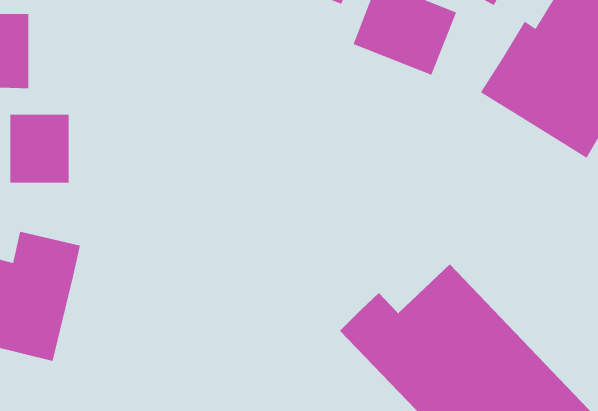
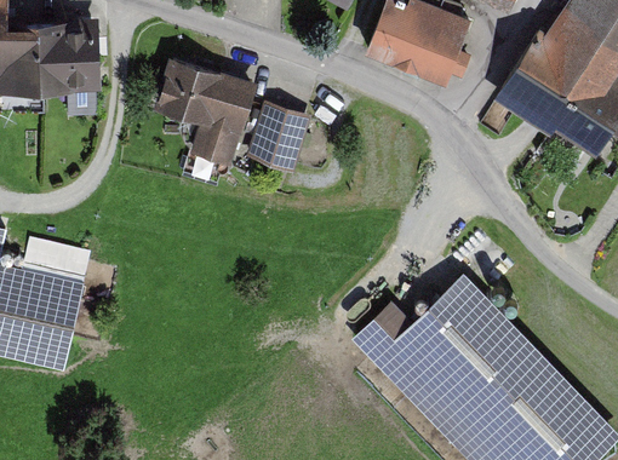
building: none -> [145,63,246,163]
building: none -> [248,100,313,171]
building: [9,114,69,183] -> [40,19,101,90]

